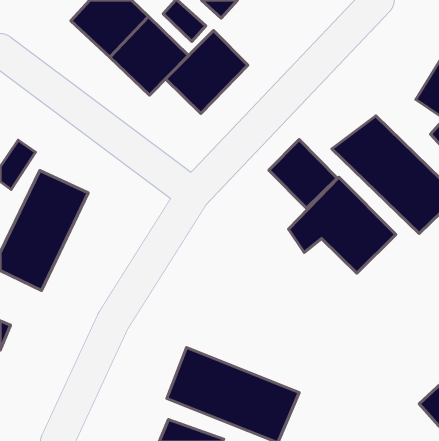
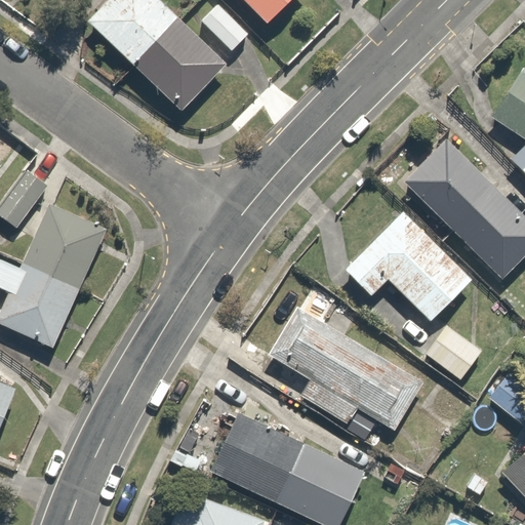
building: [165,30,248,114] -> none
building: [269,140,337,208] -> none
building: none -> [277,311,426,431]
building: none -> [423,325,481,379]

